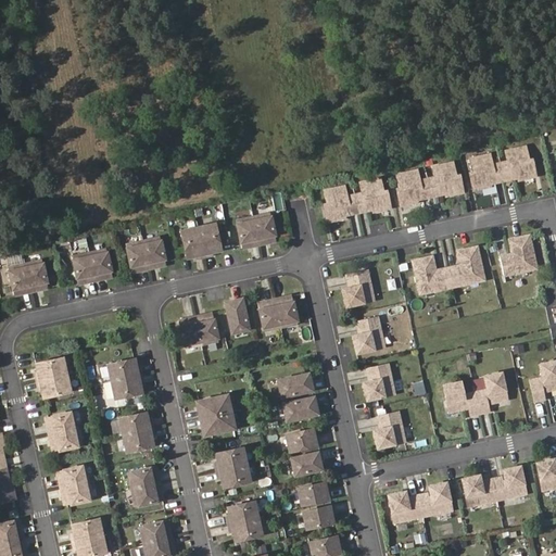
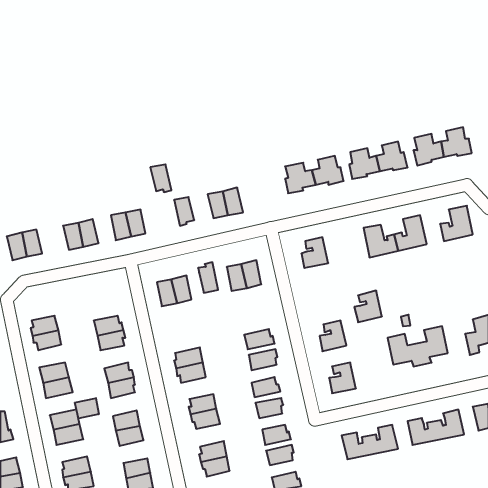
building: [181,228,205,260] -> [150,164,171,192]
building: [353,317,384,353] -> [354,291,382,322]
building: none -> [75,398,99,418]

